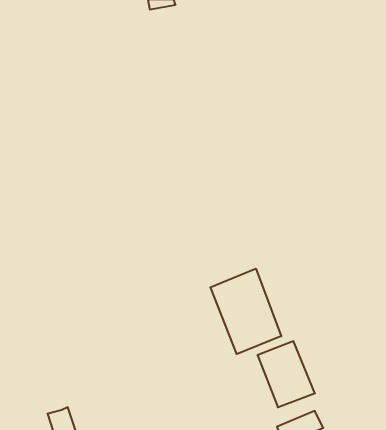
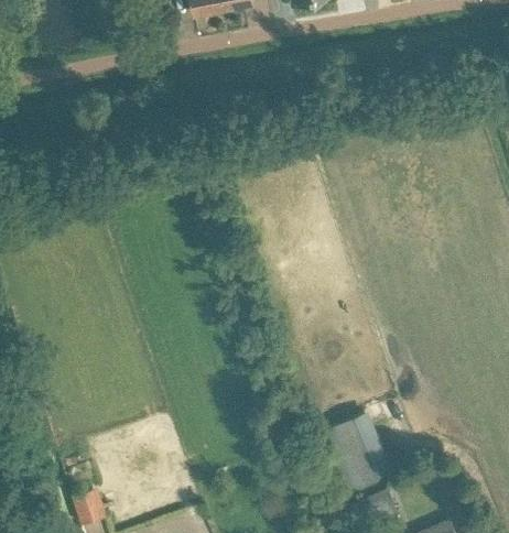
building: [210,269,281,354] -> none

